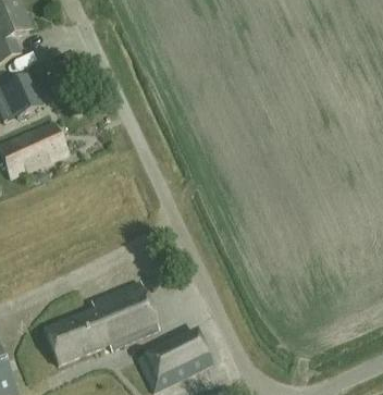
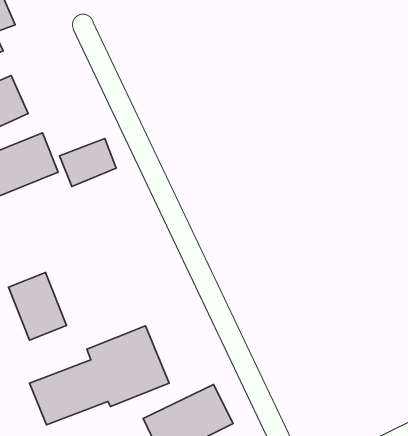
building: none -> [59,138,116,186]
building: none -> [8,272,67,340]

